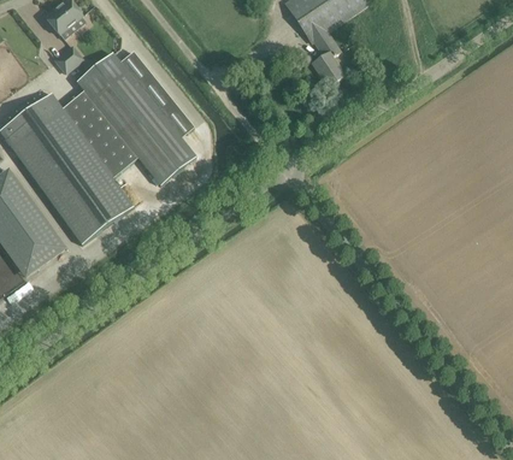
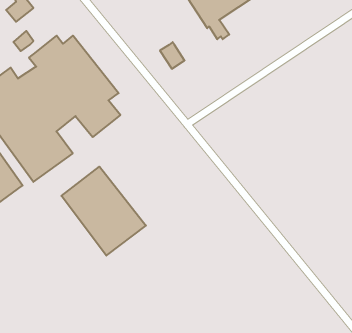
building: [311,52,343,87] -> [160,42,185,69]
building: none -> [61,167,146,256]

